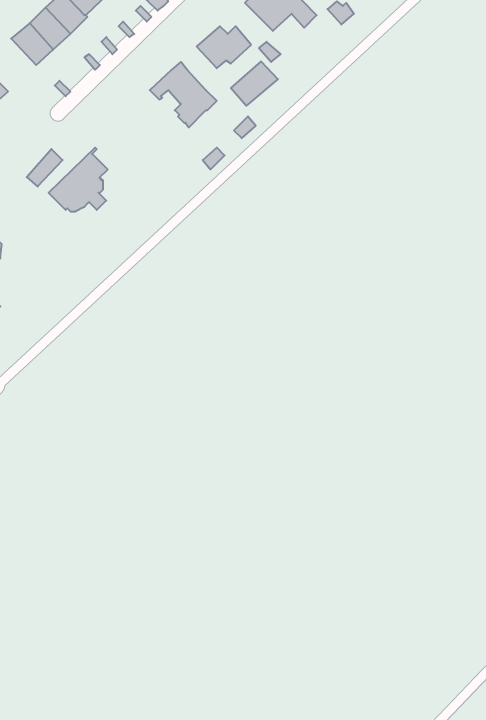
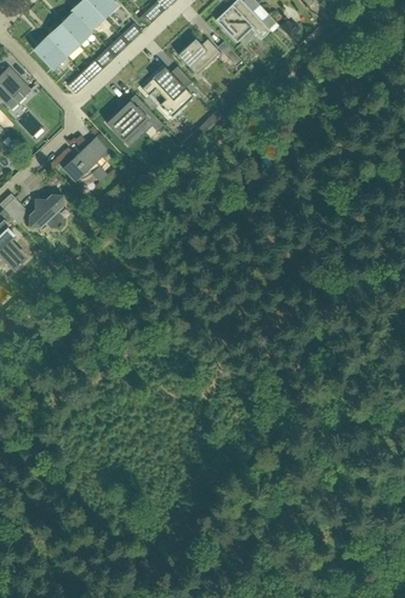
building: [231,61,278,106] -> none
building: none -> [104,96,162,146]
building: none -> [30,194,63,226]

